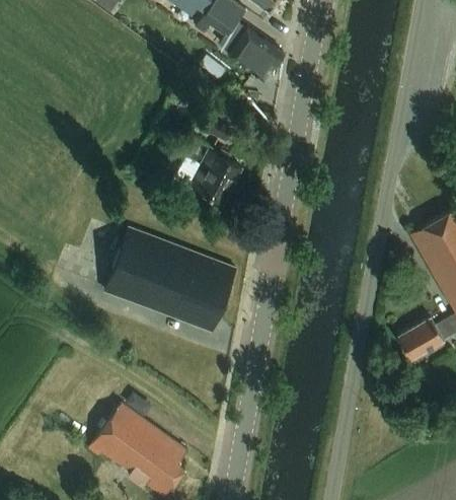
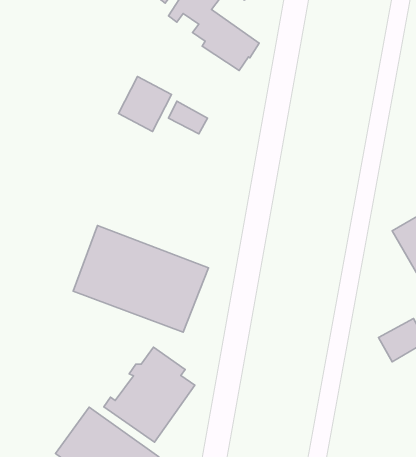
building: [191,150,241,203] -> [119,77,171,131]
building: none -> [104,347,195,442]

